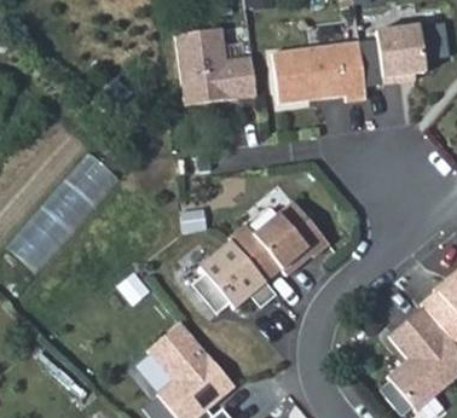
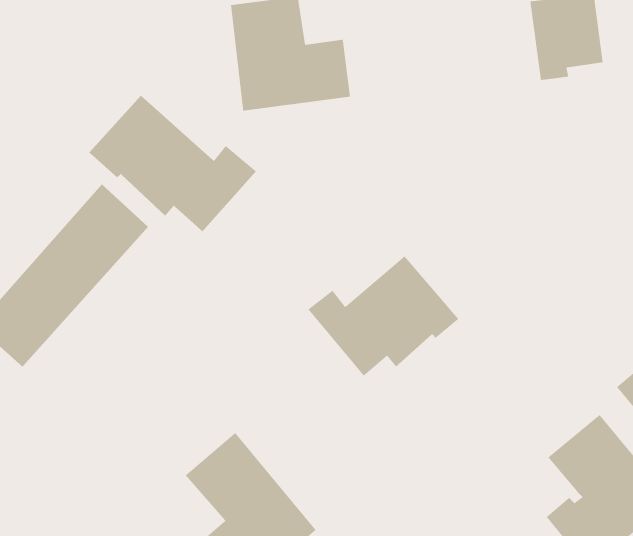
building: [273,41,369,103] -> none
building: none -> [88,95,257,232]
building: [191,240,277,314] -> none

